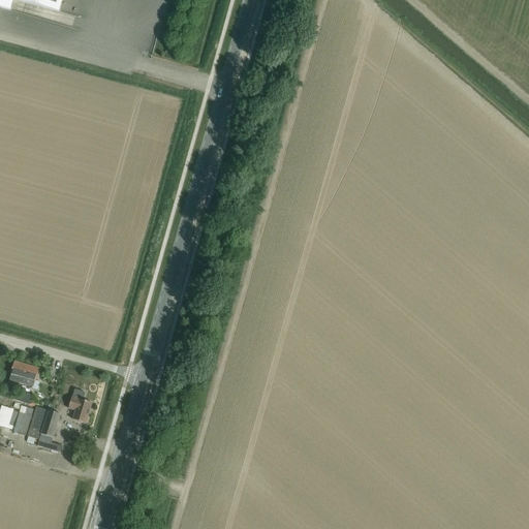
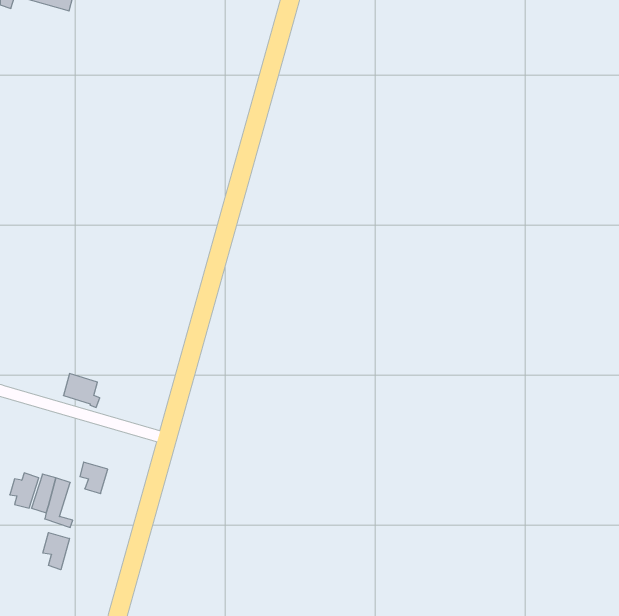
building: [9,359,40,387] -> [63,374,100,407]
building: none -> [43,533,69,570]

